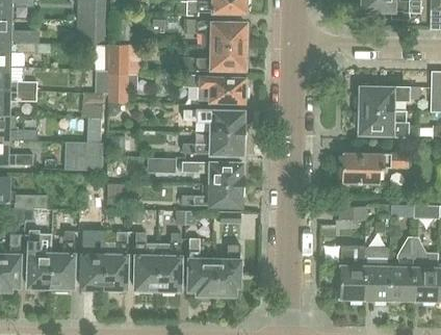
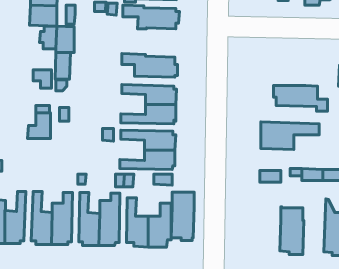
building: [183,45,248,71] -> none
building: [356,83,418,110] -> none
building: [389,238,415,303] -> none
building: [338,247,364,302] -> [171,192,194,241]

